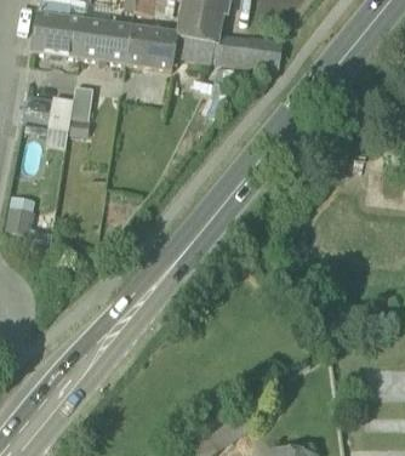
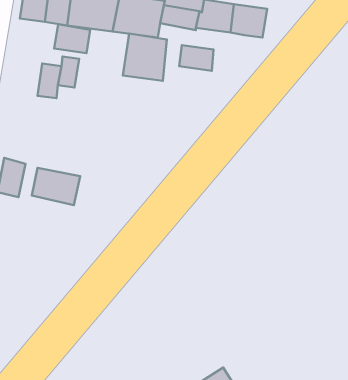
building: none -> [54,24,90,53]
building: none -> [123,34,167,81]
building: none -> [179,45,213,71]
building: none -> [32,168,80,205]

